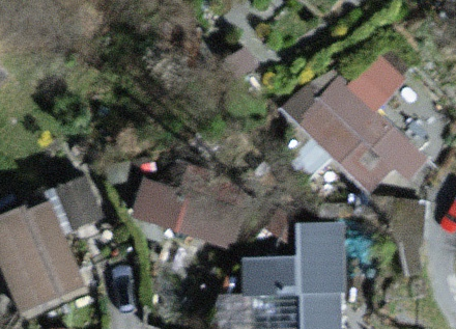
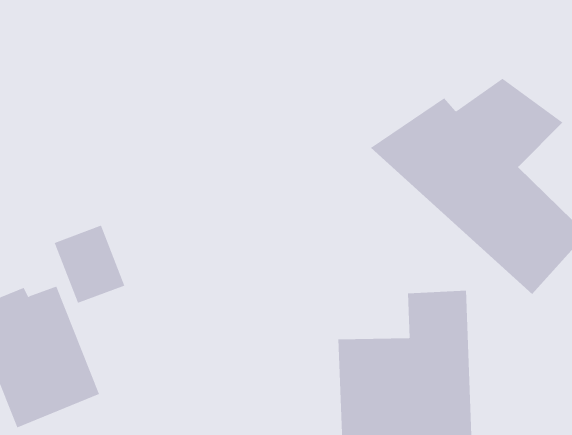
building: [139,167,212,221] -> none

